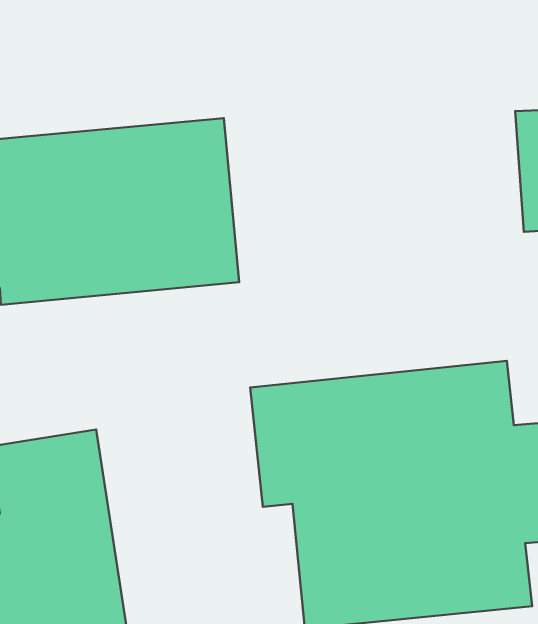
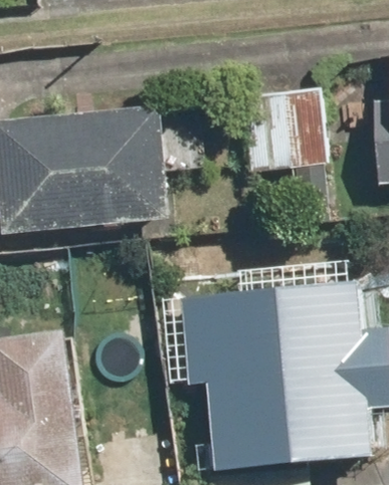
building: none -> [237,85,326,171]

